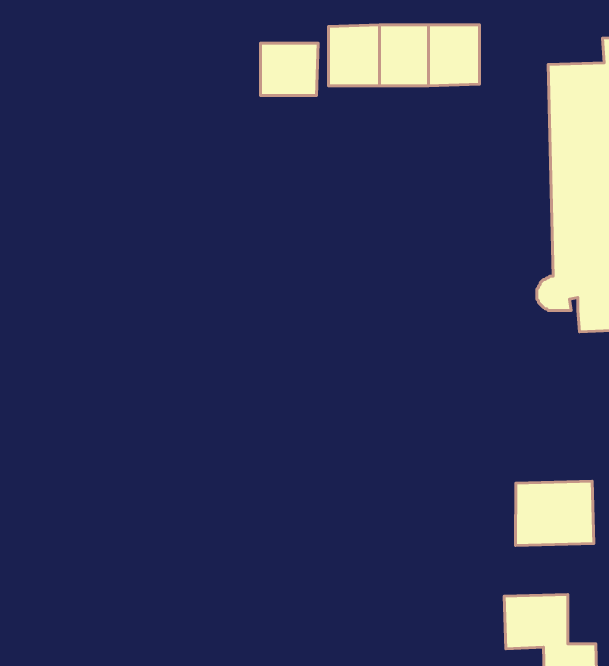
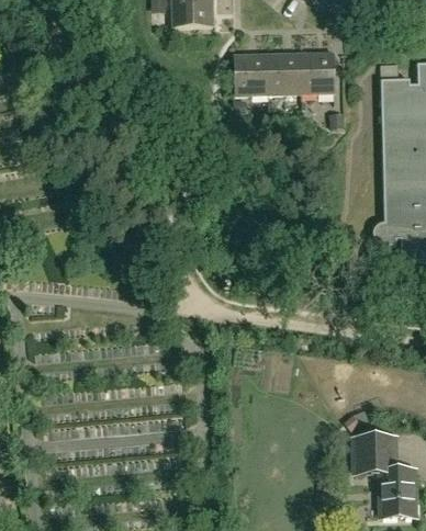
building: [260,43,318,95] -> none
building: [515,481,594,546] -> none

